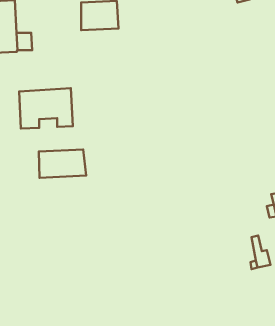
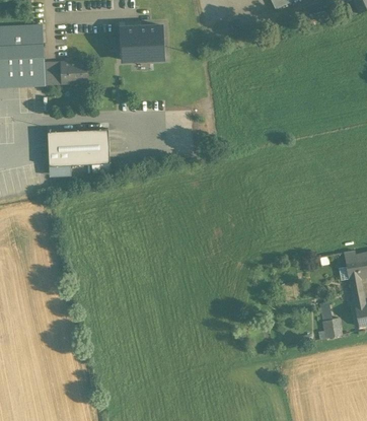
building: none -> [61,62,85,83]
building: [39,149,86,178] -> none

